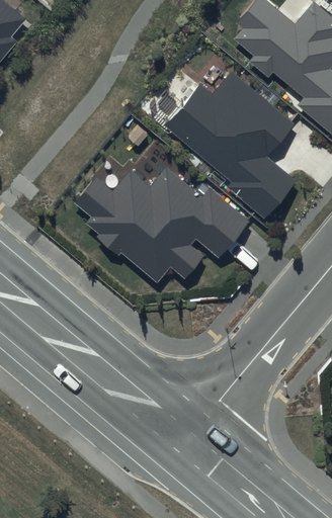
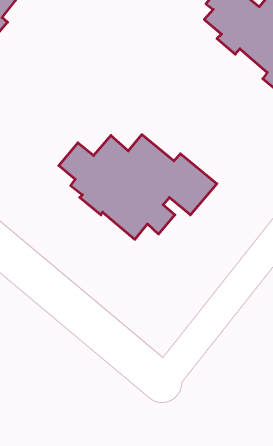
building: [164,71,296,218] -> none

